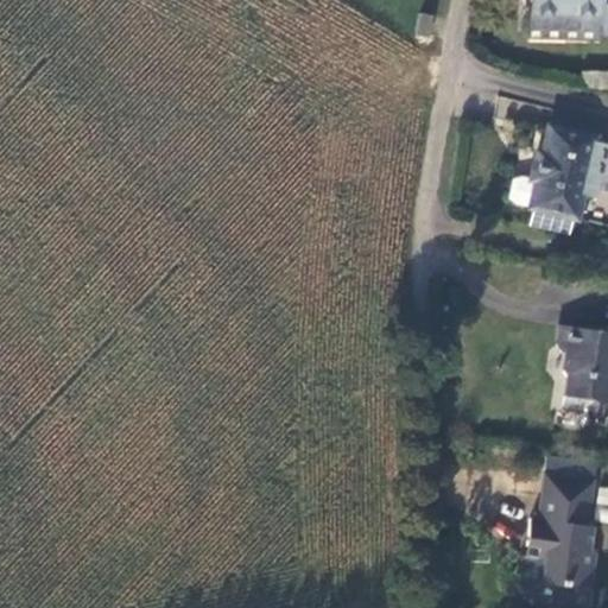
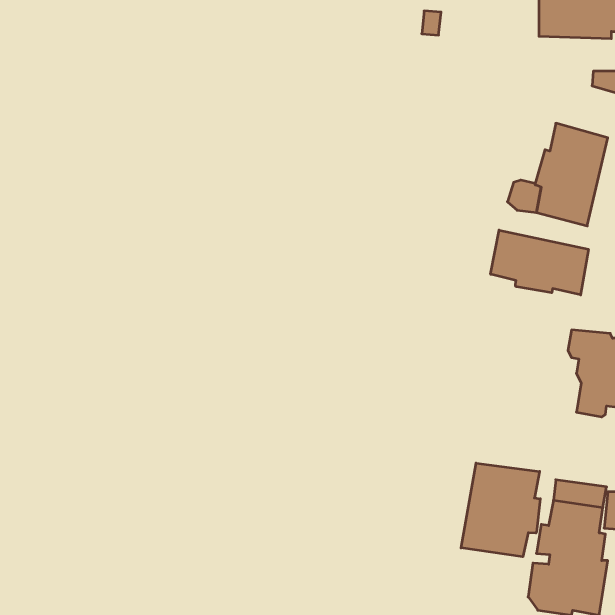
building: none -> [491,230,588,295]
building: none -> [461,463,540,557]

